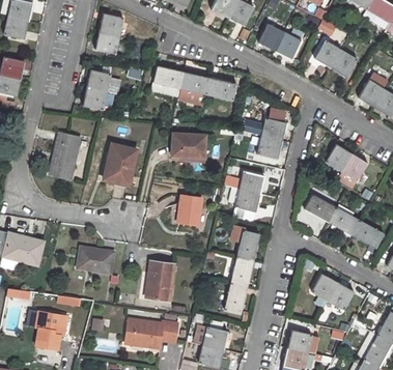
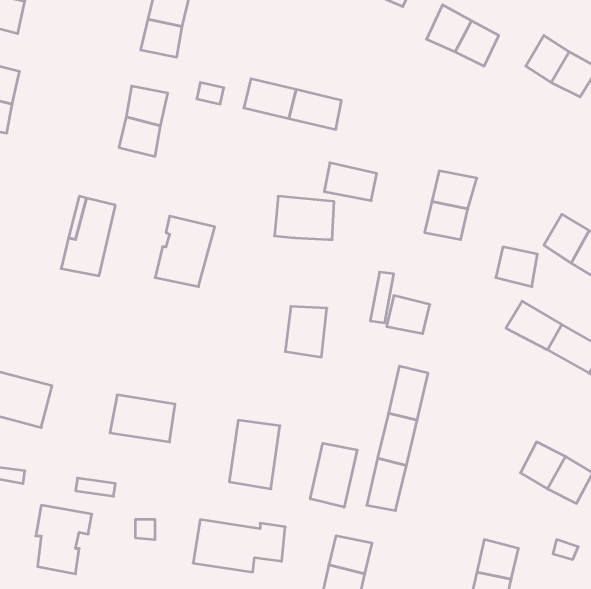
building: [206,78,236,99] -> [324,163,377,201]
building: [240,172,263,195] -> [496,247,537,287]
building: none -> [310,443,357,507]

